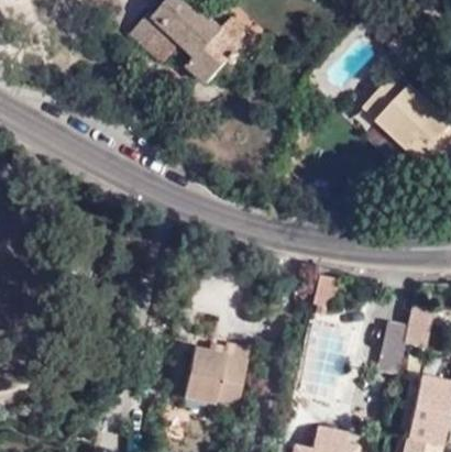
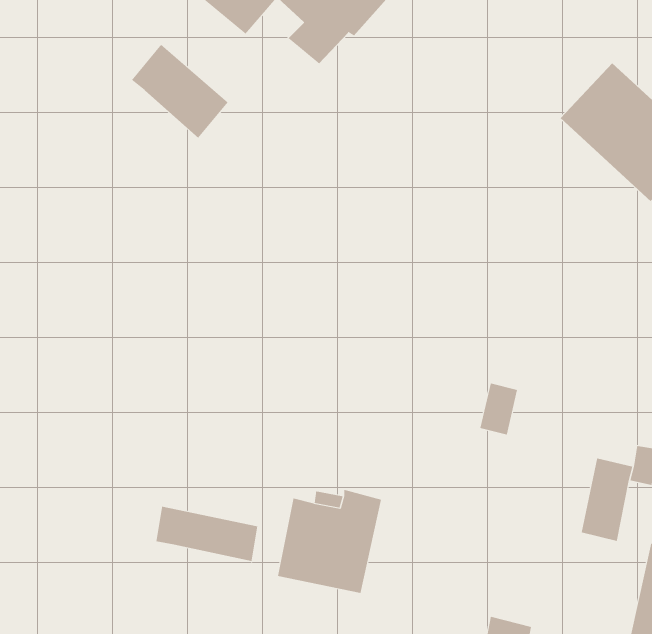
building: none -> [131,44,228,139]
building: none -> [156,506,258,562]

